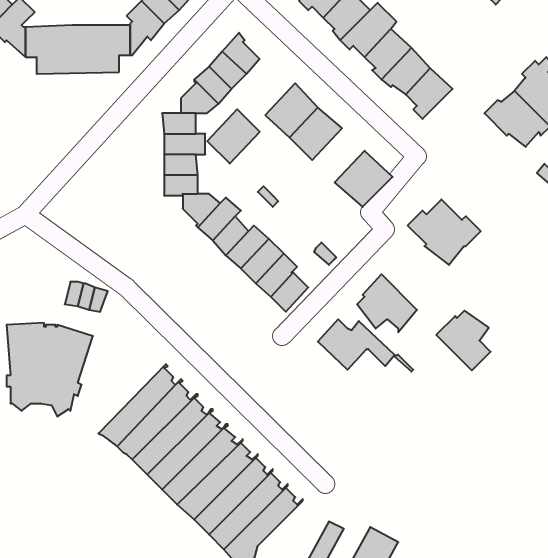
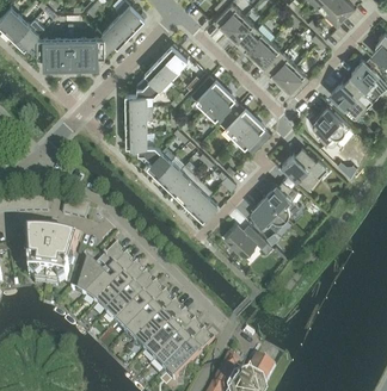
building: [207,109,260,164] -> [220,104,253,138]
building: none -> [312,107,349,147]
building: [436,311,491,370] -> [264,181,299,219]
building: none -> [76,244,127,298]

